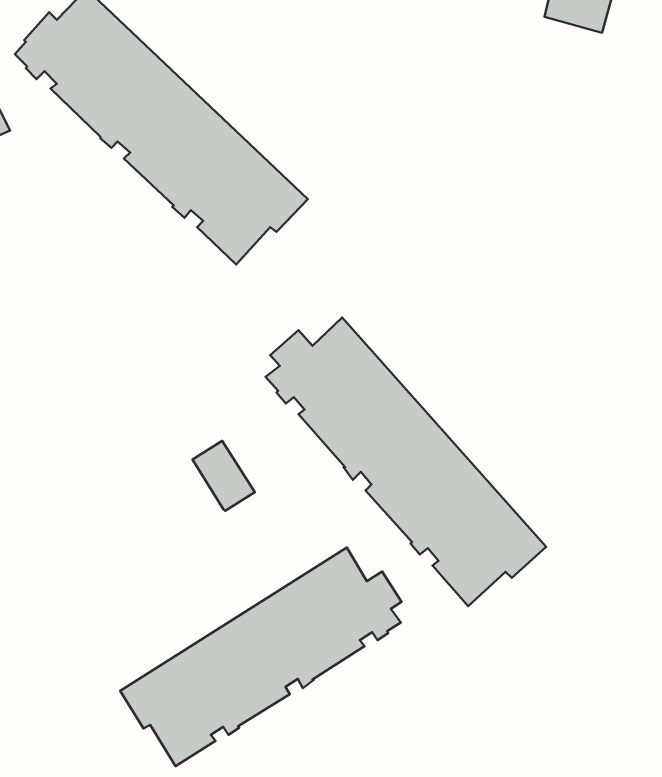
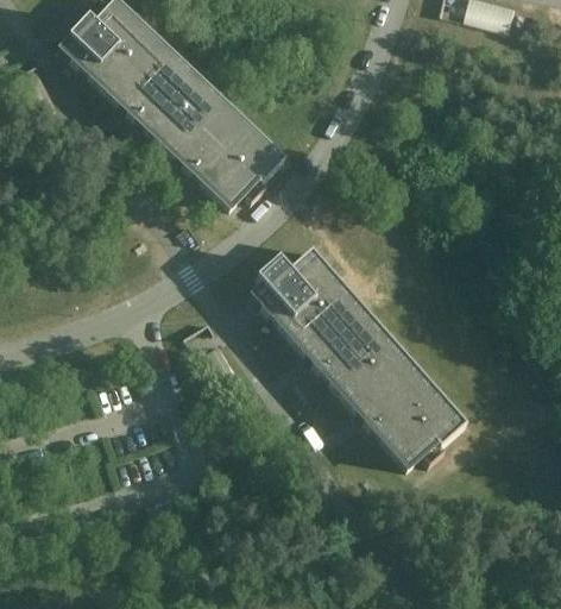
building: [120,548,401,766] -> none

